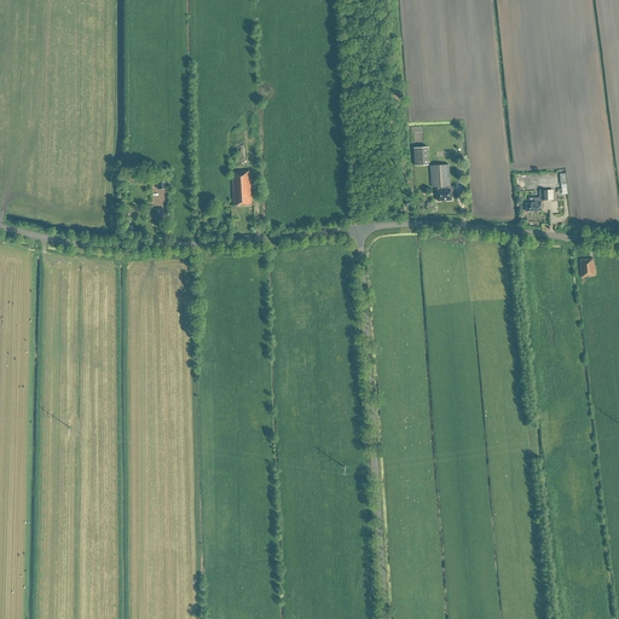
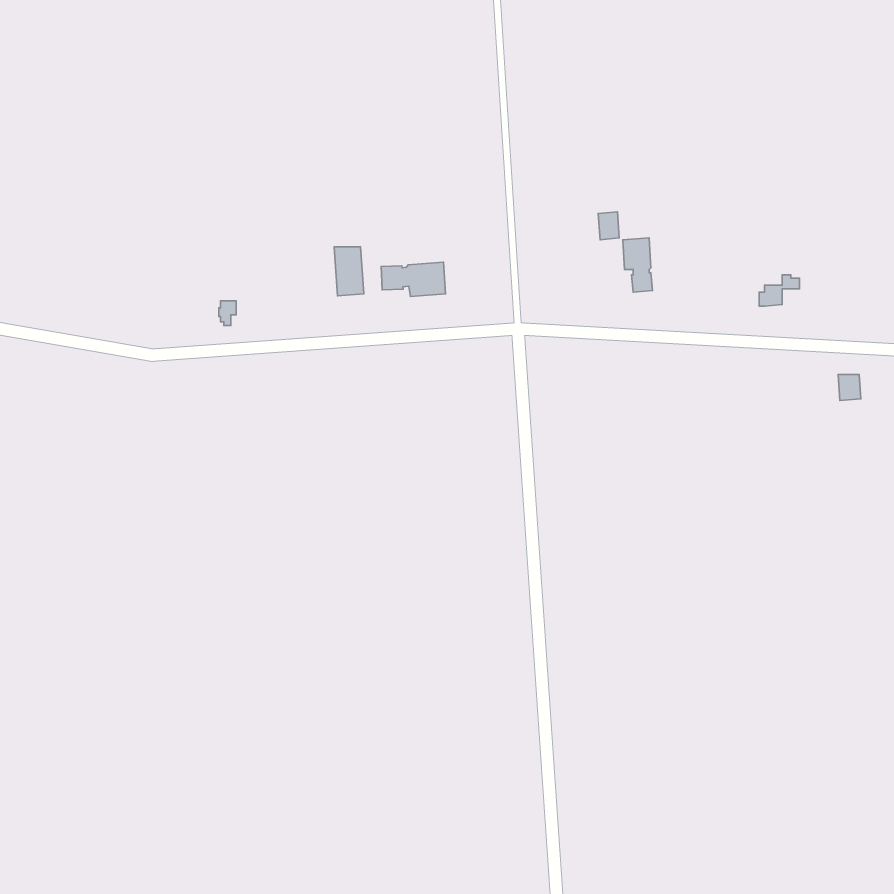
building: none -> [381,262,446,297]

